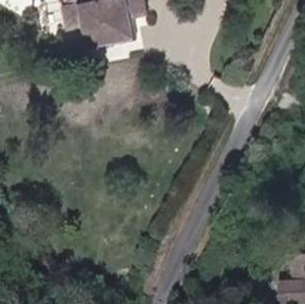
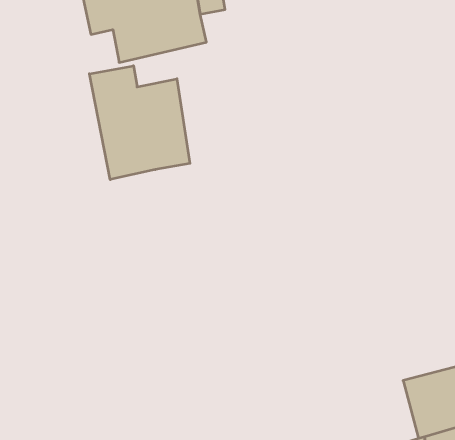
building: none -> [89,66,190,180]

